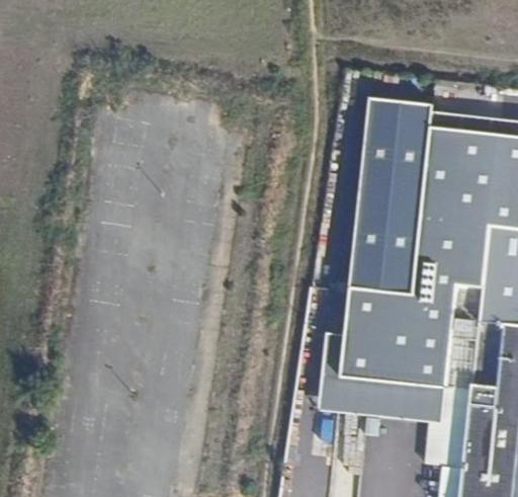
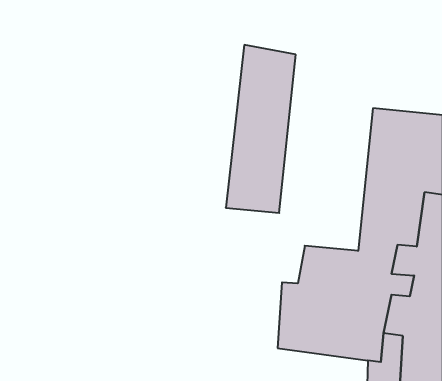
building: [357,99,438,294] -> [226,45,296,213]

